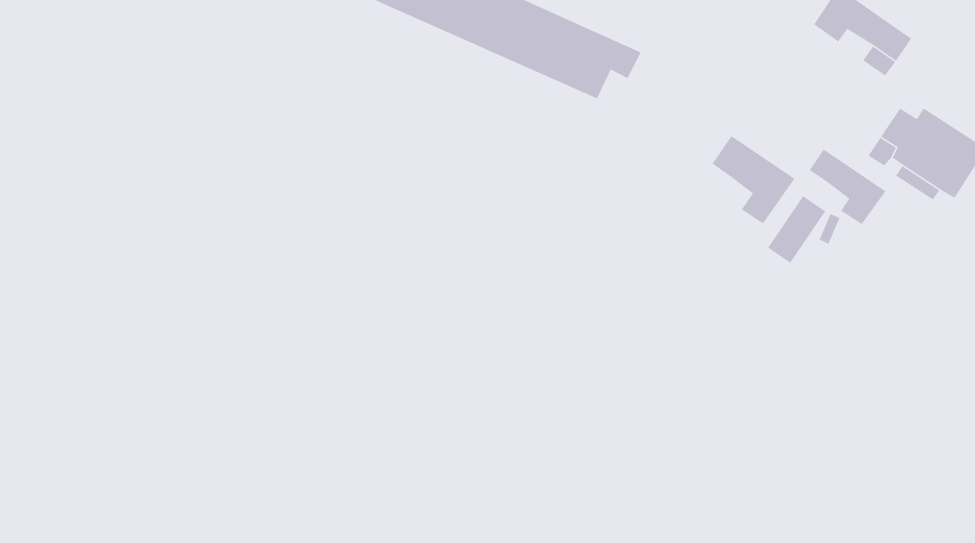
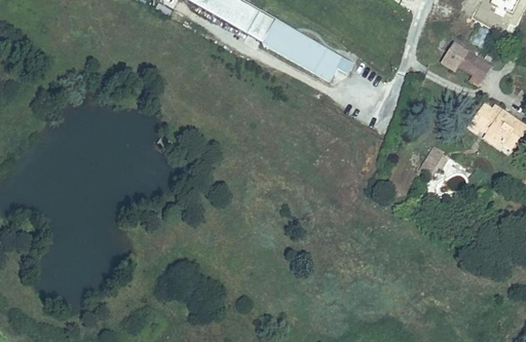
building: [712,135,796,224] -> none
building: [809,149,886,225] -> none

